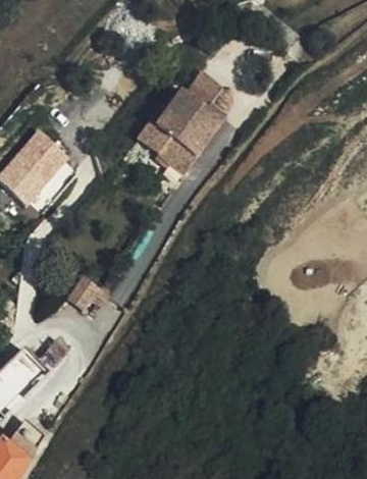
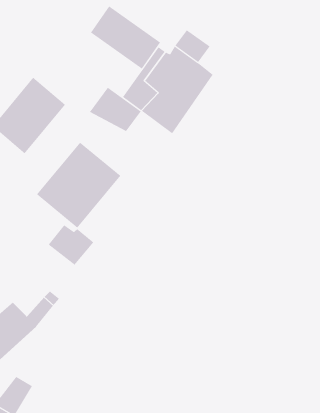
building: none -> [90,5,161,70]
building: none -> [89,87,141,132]
building: none -> [36,142,121,228]

